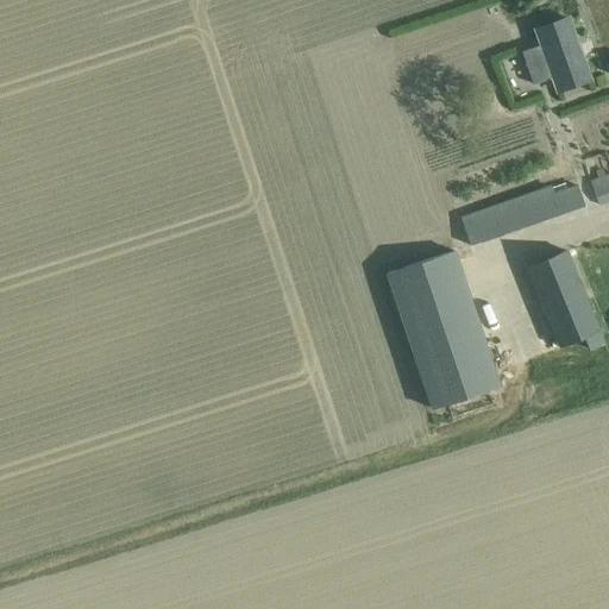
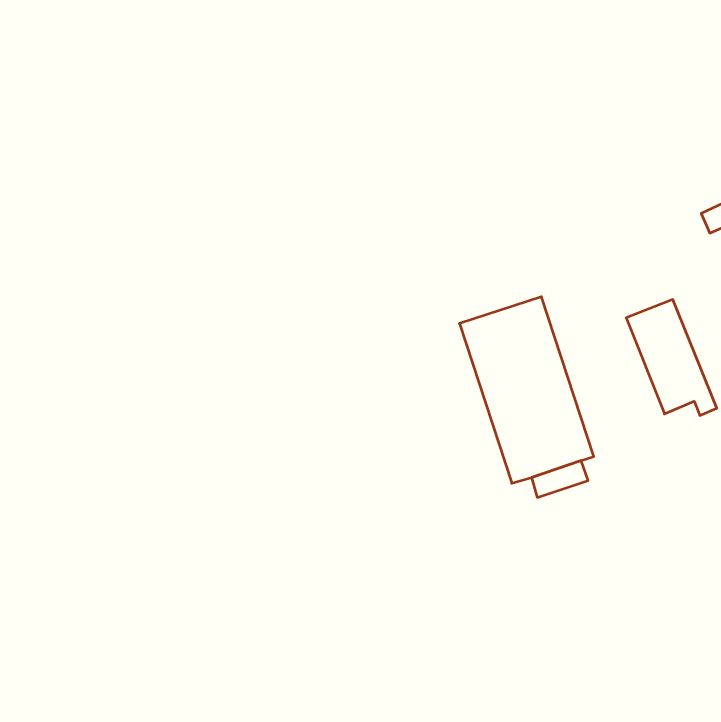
building: [525,19,591,92] -> none
building: [462,187,584,246] -> none

